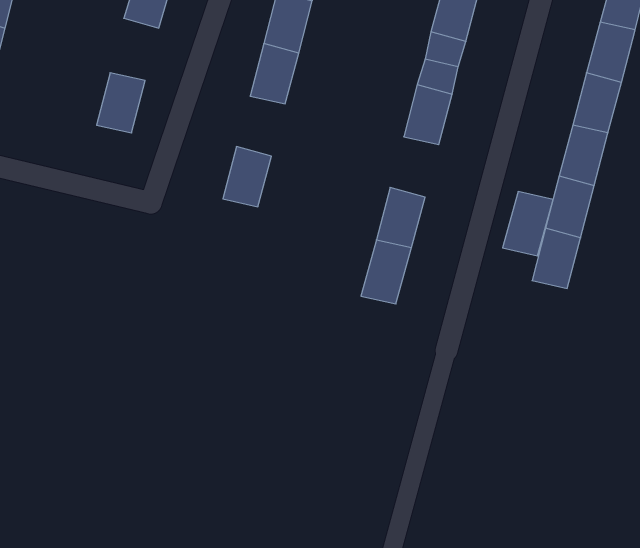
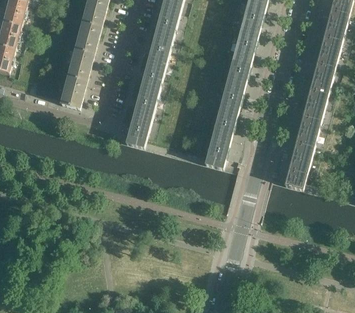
building: none -> [74,22,99,54]
building: none -> [139,62,164,93]
building: none -> [60,77,85,109]
building: none -> [218,83,243,114]
building: [503,192,553,256] -> [283,157,309,190]
building: none -> [124,115,150,148]

